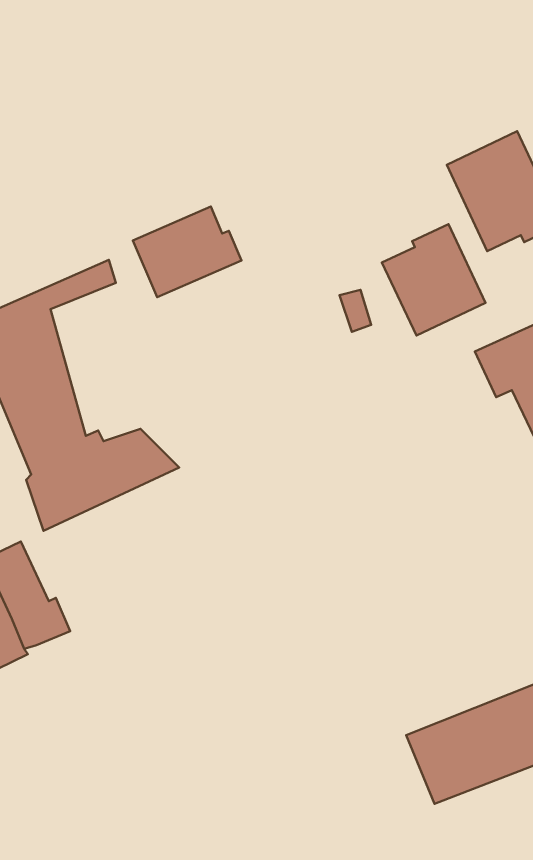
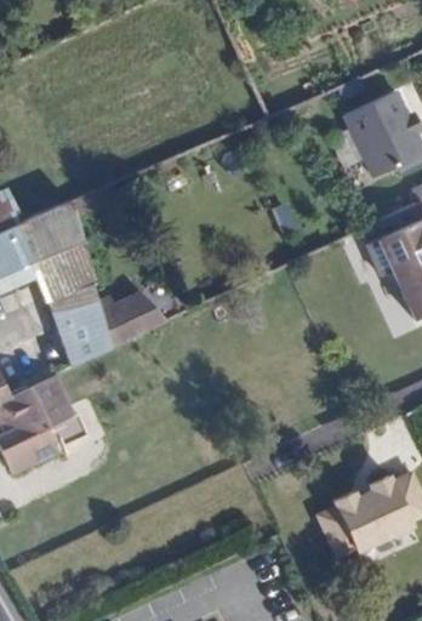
building: [133,207,241,297] -> none
building: [382,224,486,335] -> none

